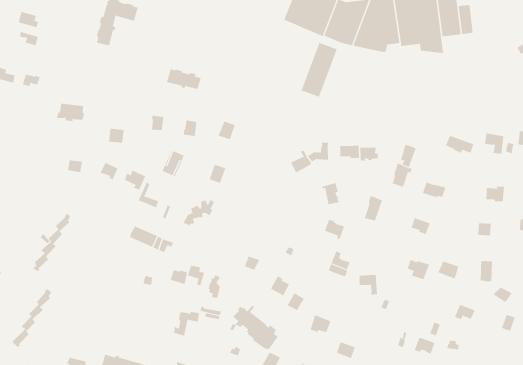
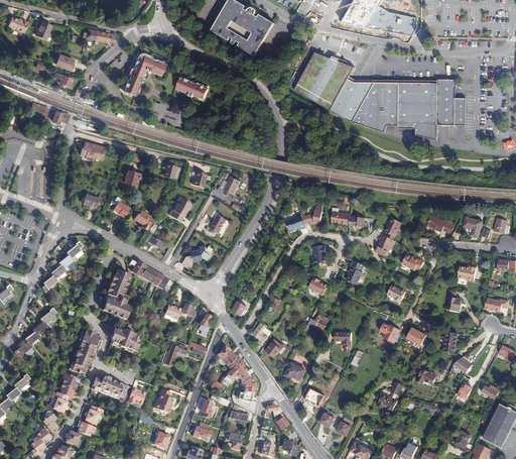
building: [301,42,337,98] -> none
building: [166,68,201,89] -> [175,77,208,99]
building: none -> [103,268,130,319]
building: none -> [110,327,140,351]
building: none -> [71,330,98,373]

